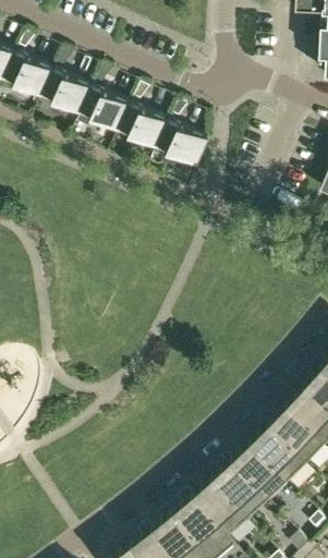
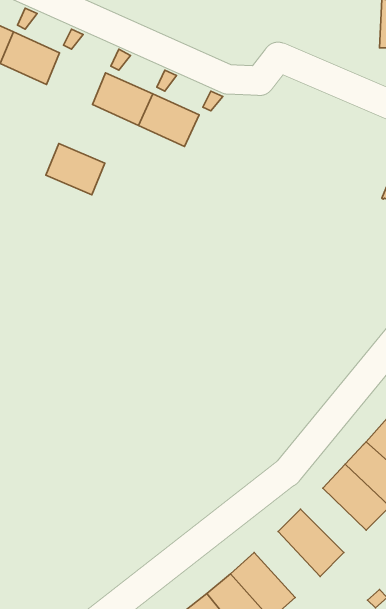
building: [41,69,90,111] -> [46,143,105,195]
building: [156,120,206,163] -> none
building: [252,428,306,482] -> none
building: [214,464,268,519] -> none

